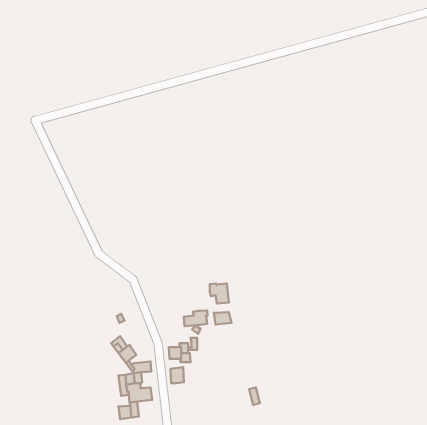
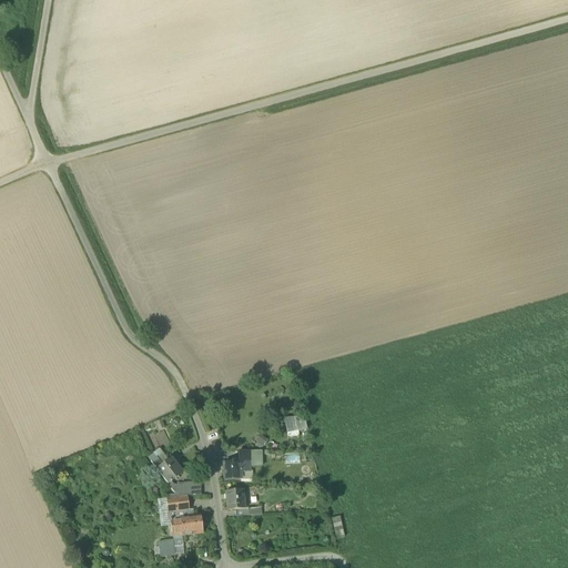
building: [210,284,229,304] -> none
building: [184,310,208,326] -> none

